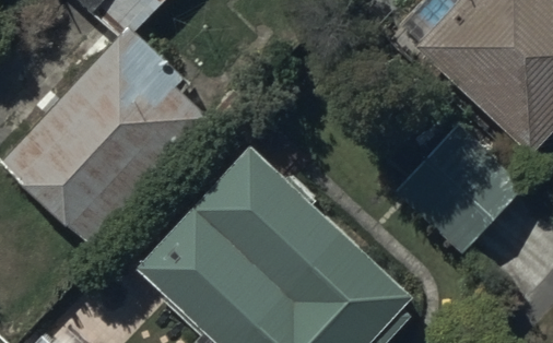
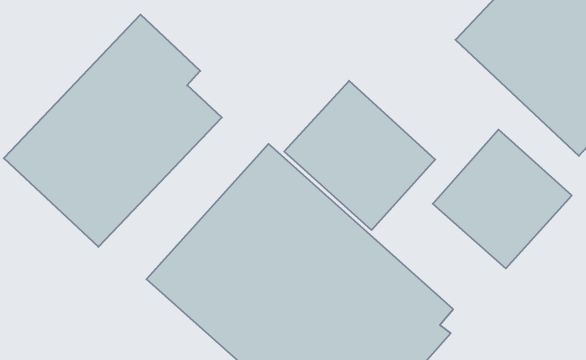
building: none -> [284,81,435,230]

